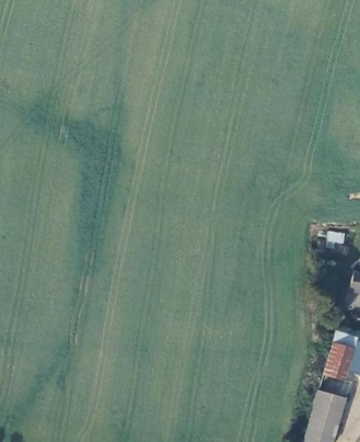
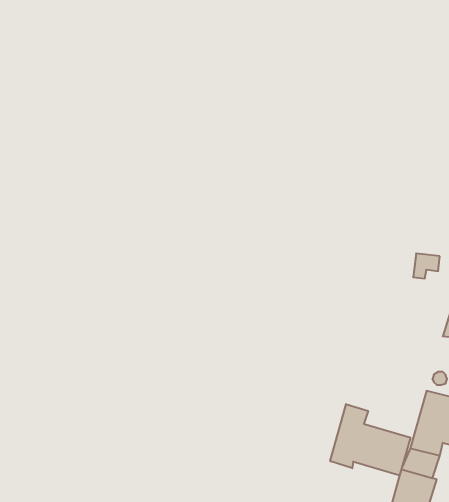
building: none -> [330,404,410,475]

